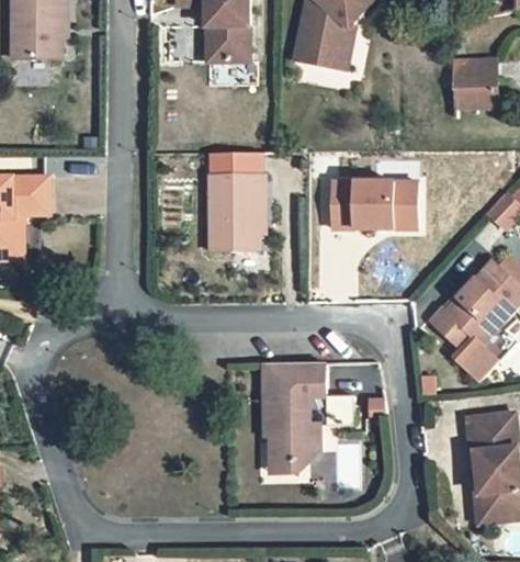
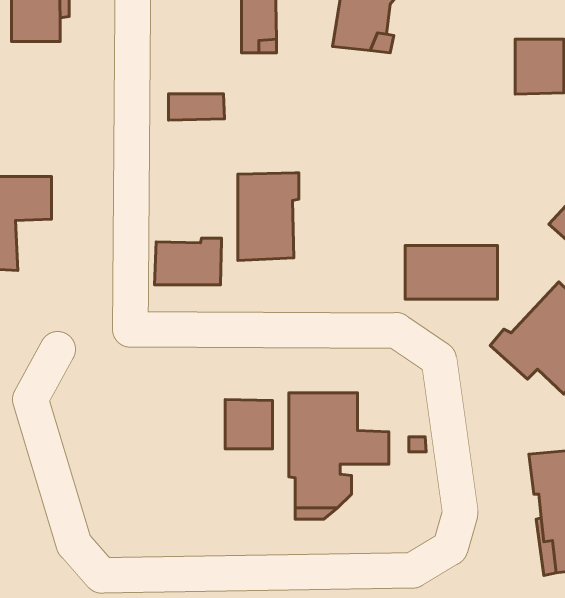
building: [213,151,262,175] -> [168,94,225,120]
building: [331,173,412,221] -> [405,245,498,299]
building: none -> [154,238,222,285]
building: none -> [225,399,272,449]

